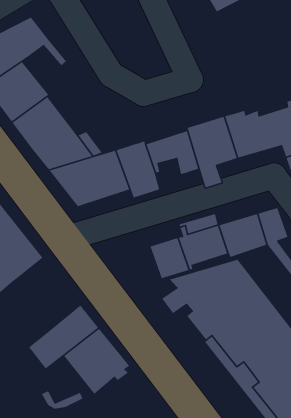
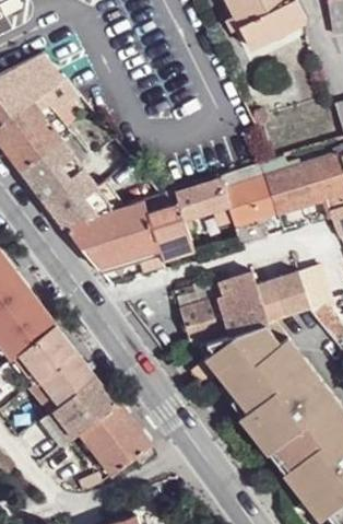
building: none -> [20,324,98,406]

